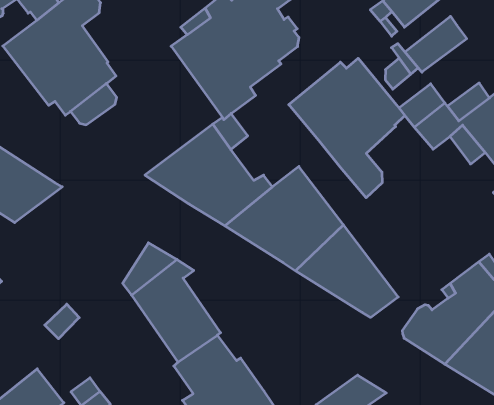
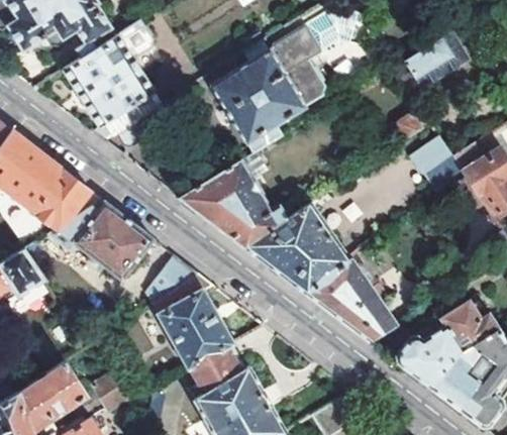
building: [405,16,467,72] -> none
building: [289,58,405,198] -> none
building: none -> [58,201,155,280]

